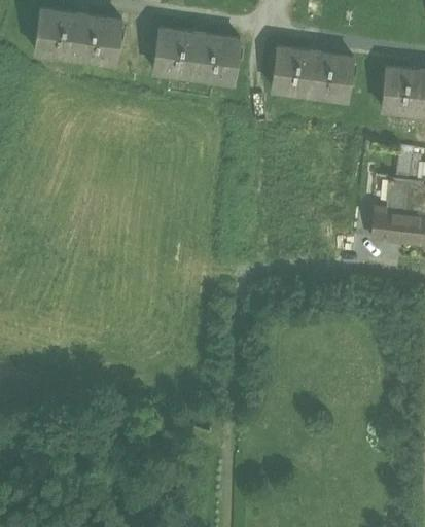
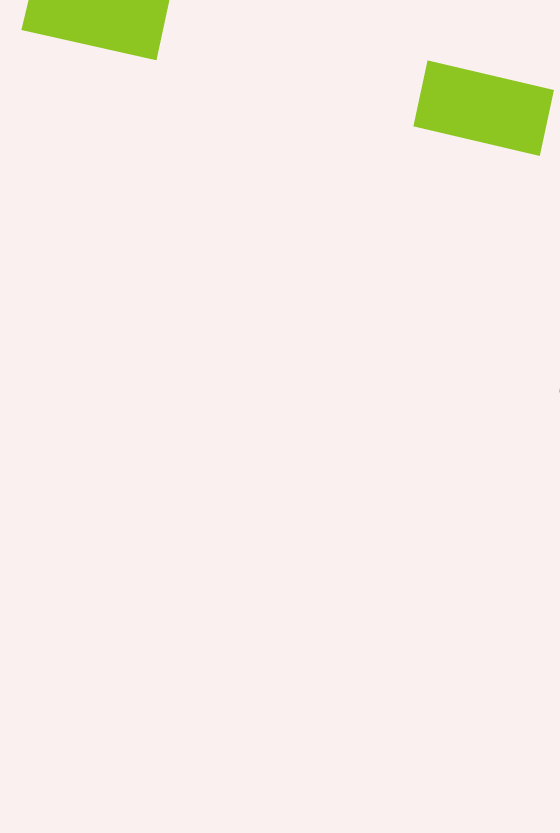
building: [153,27,241,79] -> none

